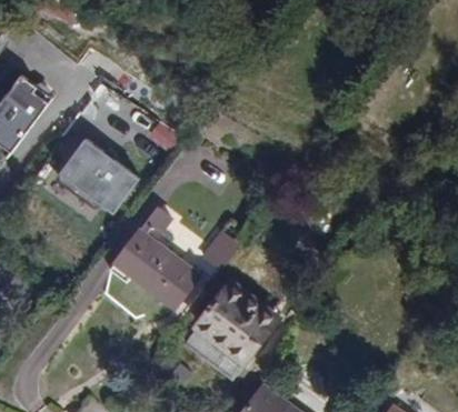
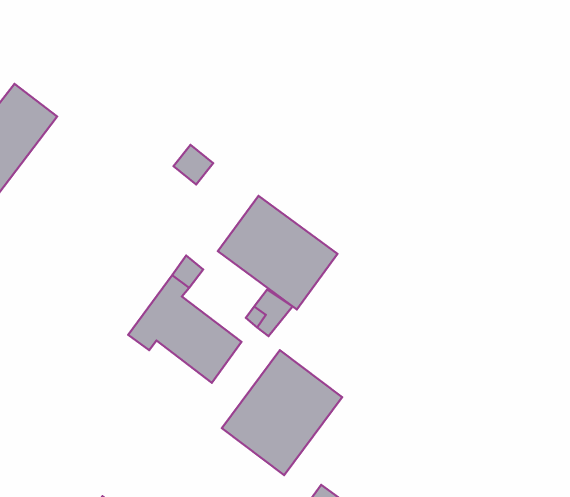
building: [52,135,140,212] -> none
building: none -> [218,196,337,309]

